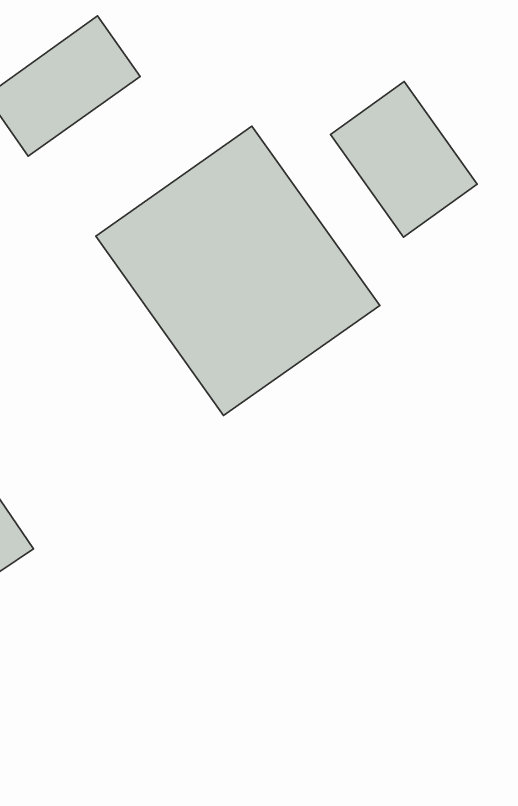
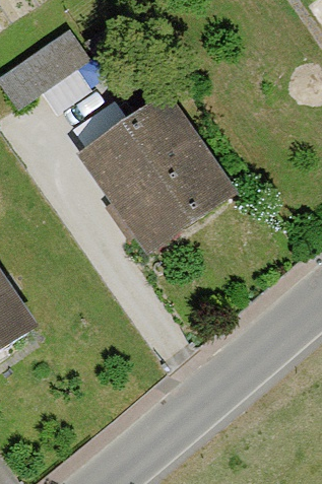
building: [330,82,477,237] -> none

